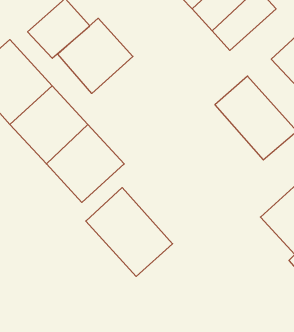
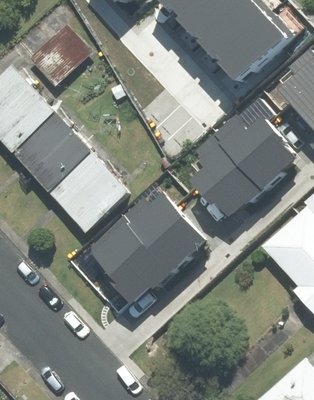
building: [58,18,133,93] -> none
building: none -> [195,132,268,218]
building: none -> [125,193,210,273]

